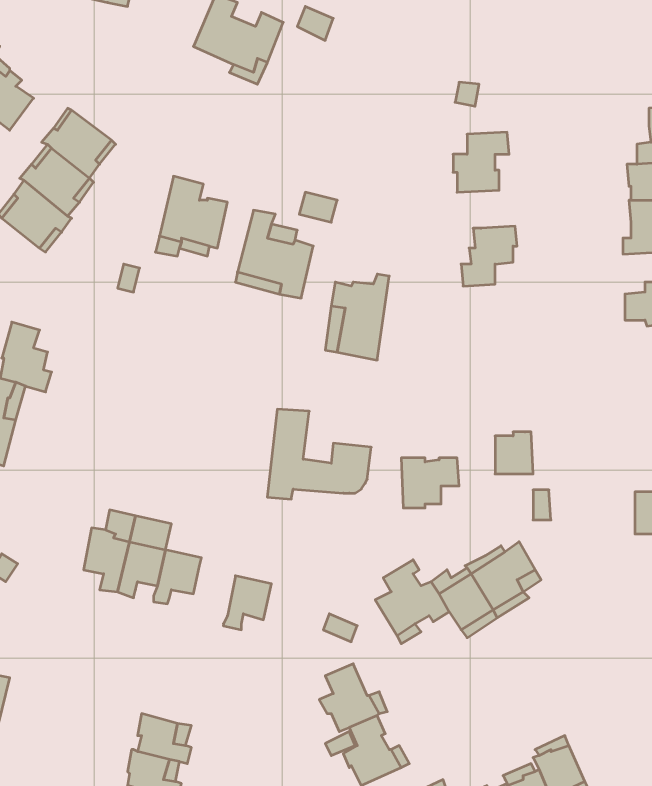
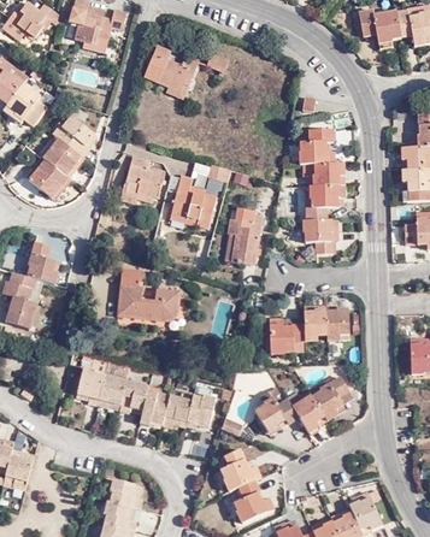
building: none -> [304,163,340,185]
building: none -> [306,219,334,253]
building: [267,409,371,499] -> [118,268,181,323]
building: none -> [304,308,328,341]
building: none -> [140,389,170,425]
building: none -> [185,394,217,427]

